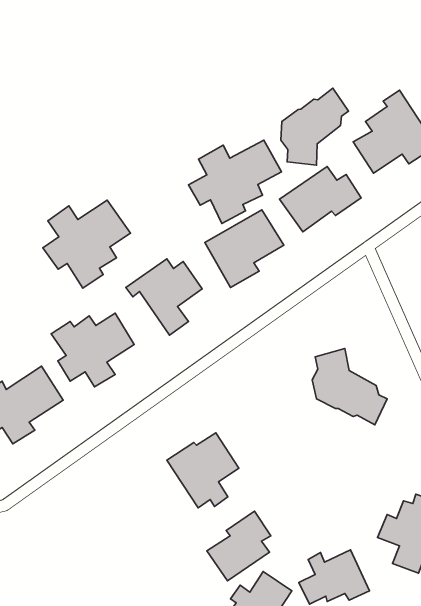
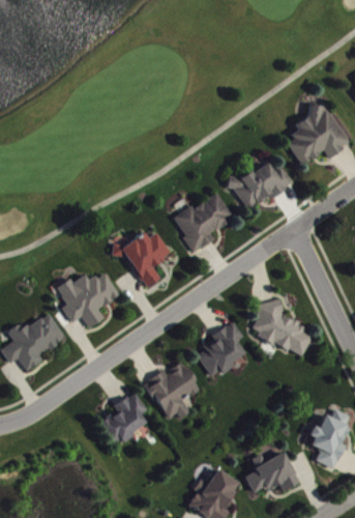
building: [281,88,349,165] -> none
building: [188,140,281,223] -> none
building: [43,200,130,288] -> none
building: none -> [194,323,245,375]
building: [207,511,271,581] -> [99,392,148,444]

